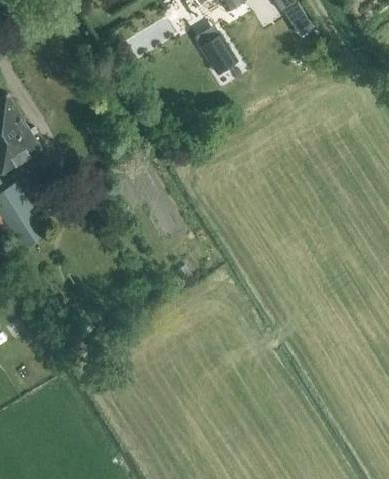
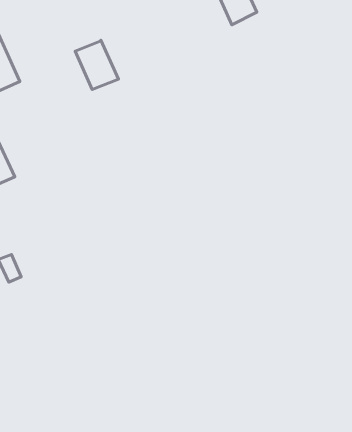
building: none -> [75,40,119,89]

